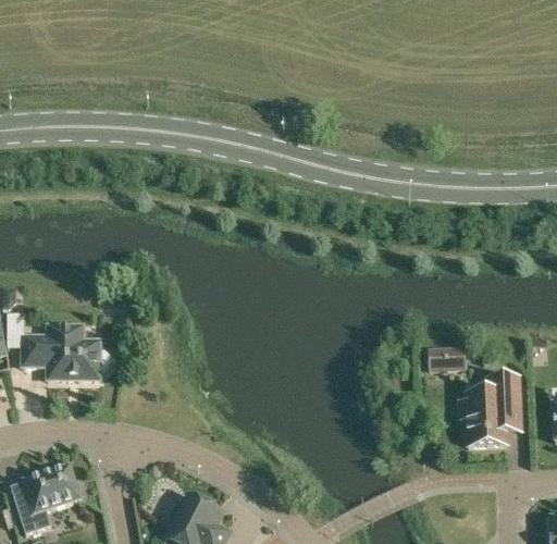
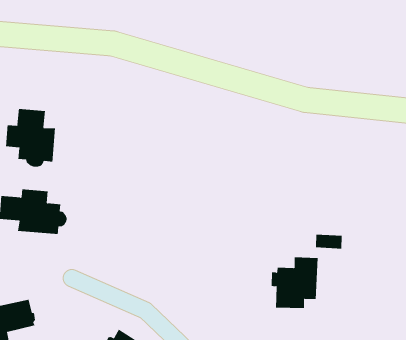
building: none -> [5,108,56,167]
building: [459,378,520,446] -> [271,257,318,309]

